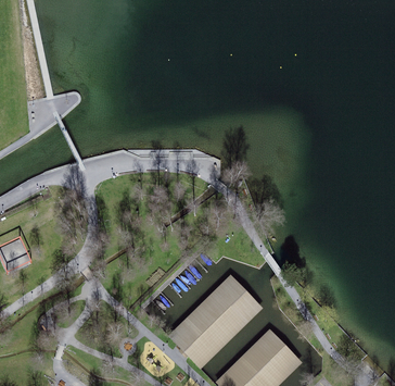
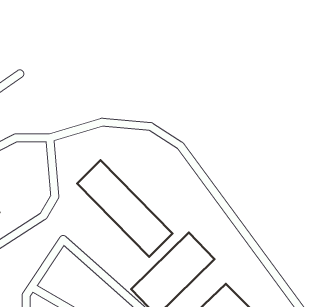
building: none -> [77,160,172,257]

